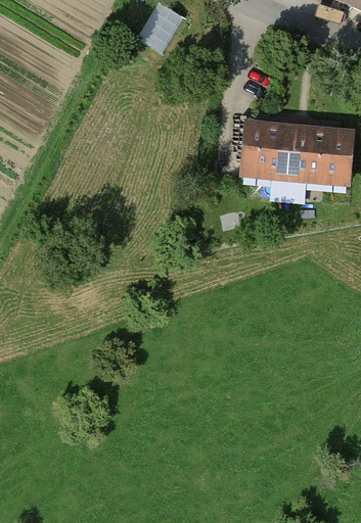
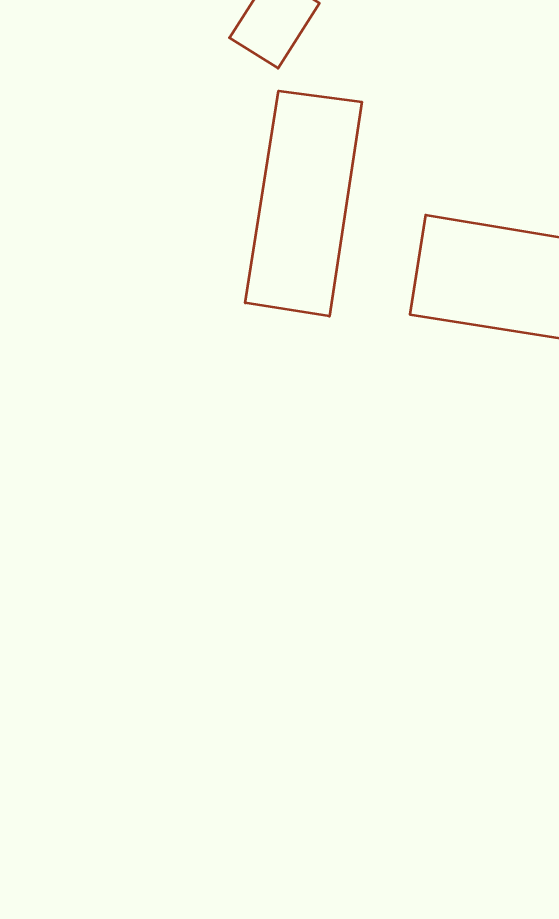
building: none -> [245,91,362,316]

